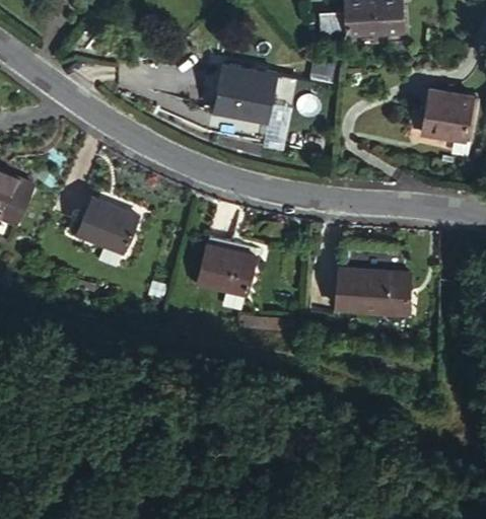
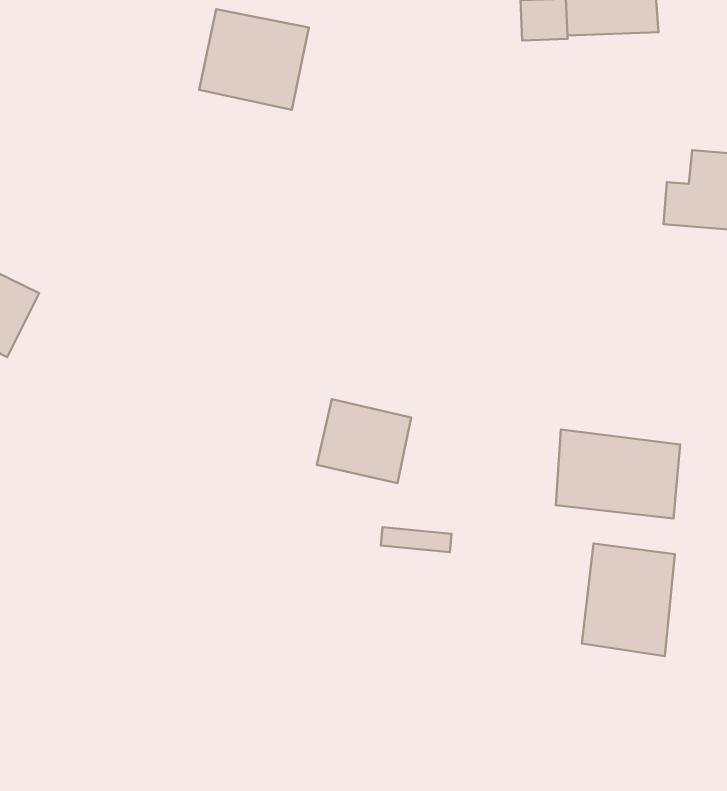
building: [214,58,280,119] -> [199,9,309,110]
building: [76,200,137,253] -> none
building: none -> [582,543,675,656]

